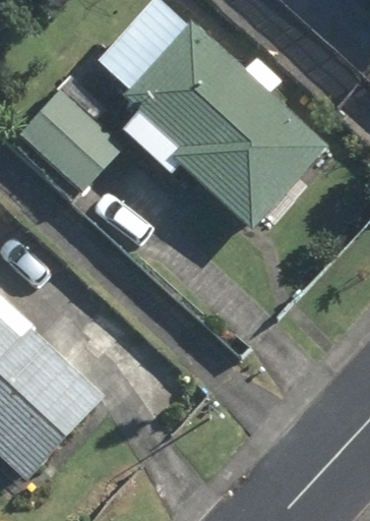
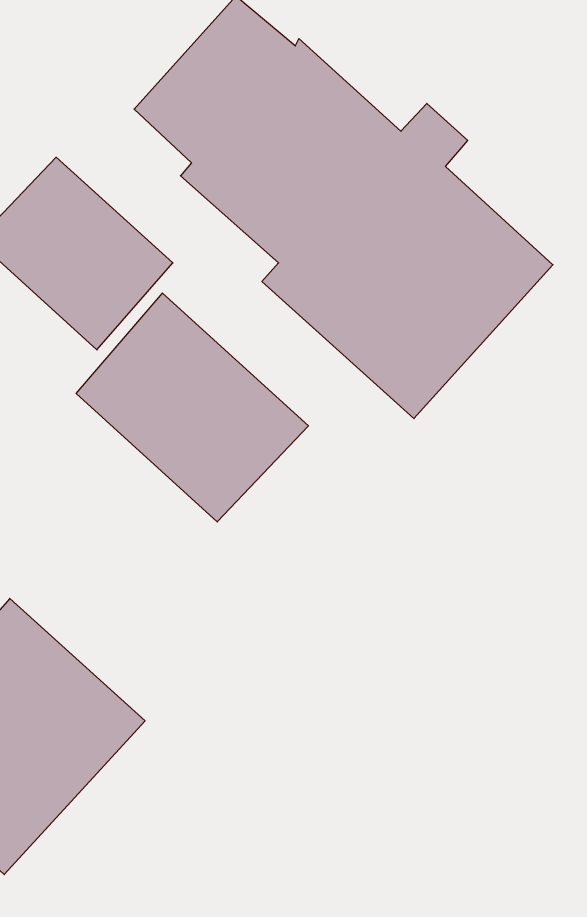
building: none -> [76,293,308,522]

